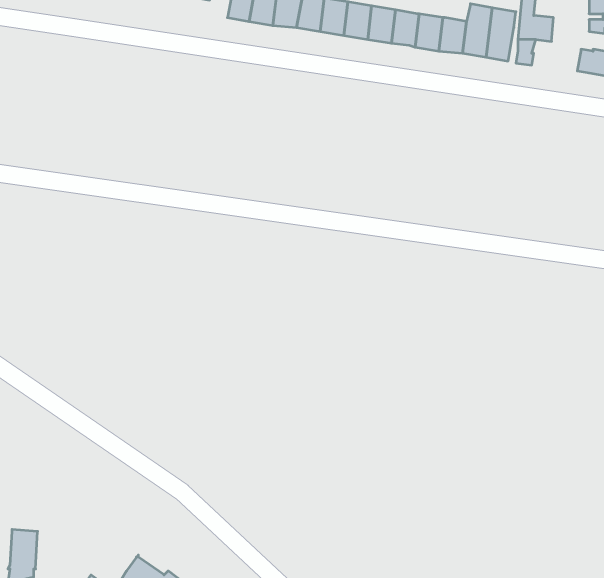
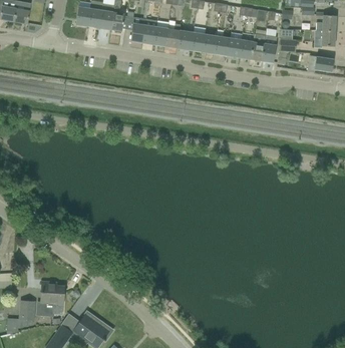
building: none -> [36,281,64,316]

